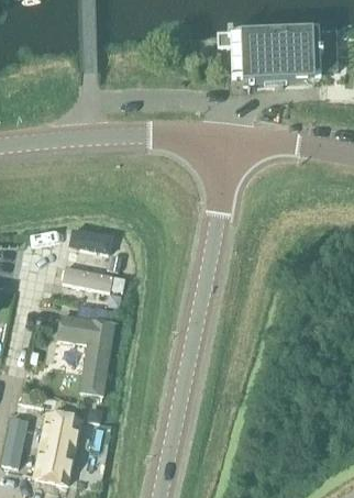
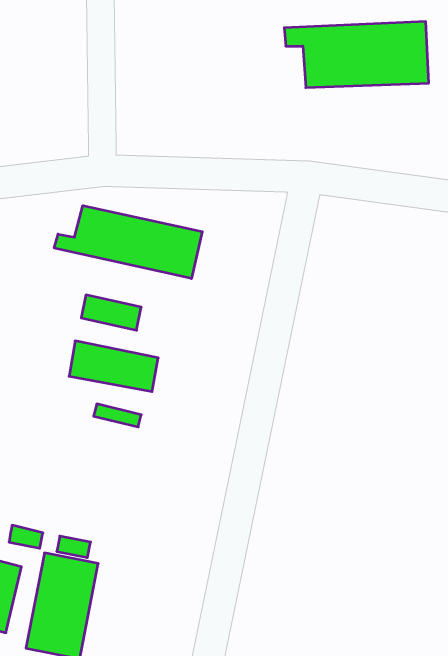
building: none -> [54,206,202,279]
building: [56,313,115,397] -> none

